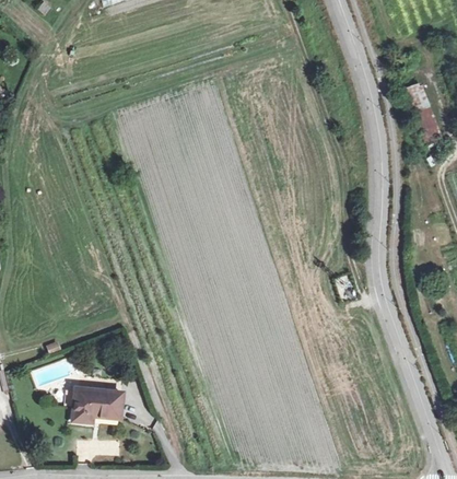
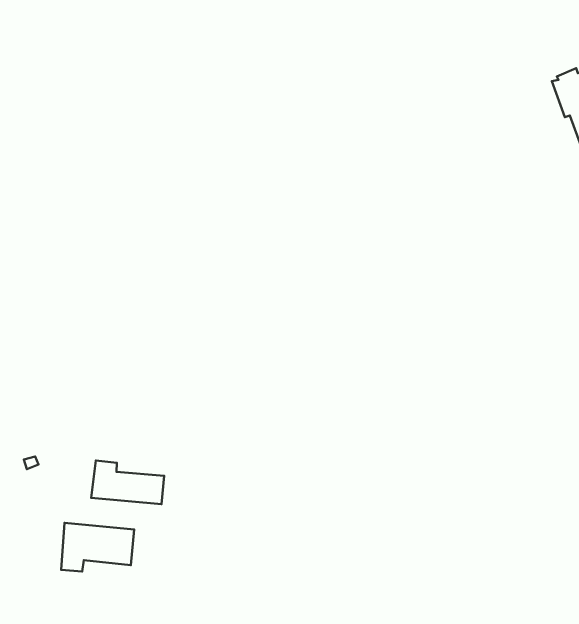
building: none -> [91,461,164,504]

